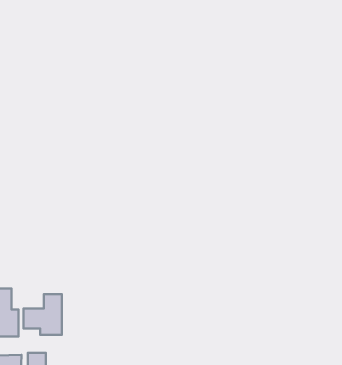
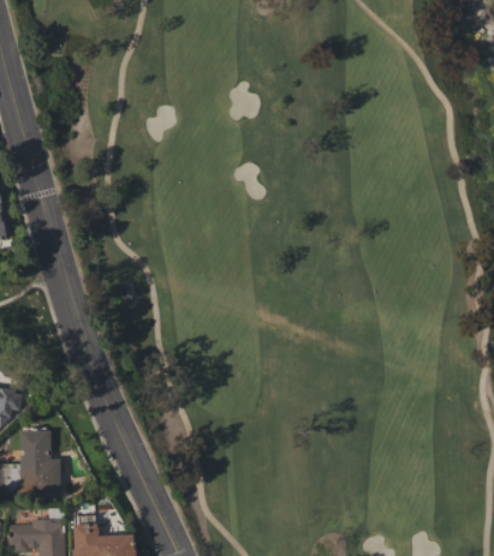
building: [23,294,62,335] -> none

